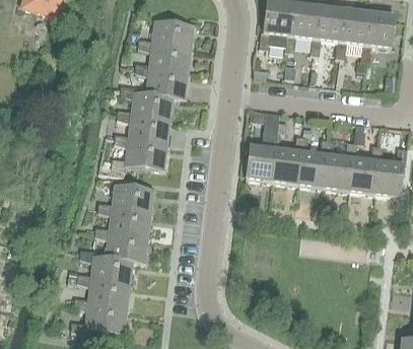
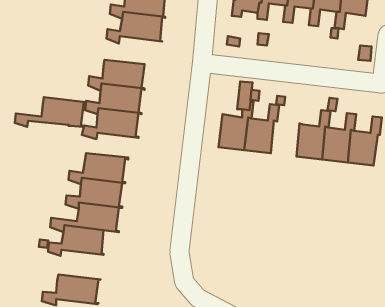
building: [120,68,190,97] -> [15,97,86,127]
building: [297,138,331,187] -> none
building: [74,279,132,309] -> none

